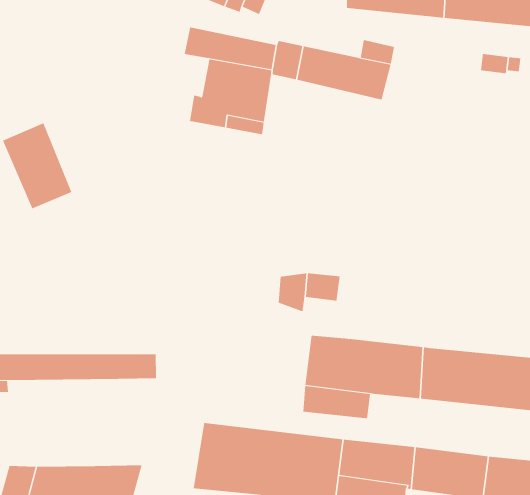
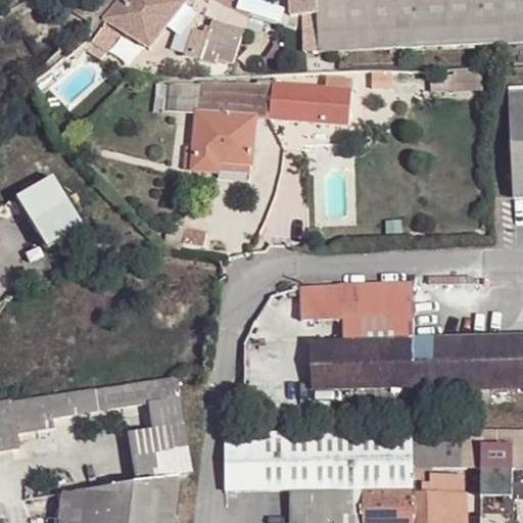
building: none -> [342,280,418,342]
building: none -> [128,398,193,482]

